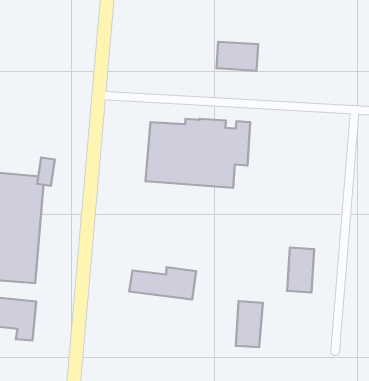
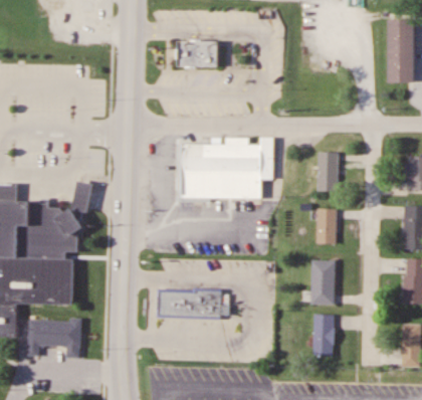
building: [216,42,258,71] -> [177,41,215,66]
building: none -> [321,146,343,184]
building: none -> [320,202,341,237]
building: [236,301,263,347] -> [315,307,339,349]

